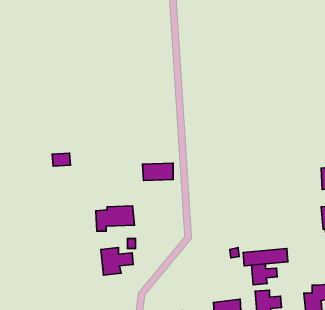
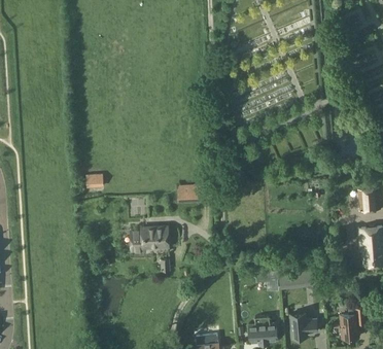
building: [101,247,133,275] -> none
building: [251,264,277,285] -> none

